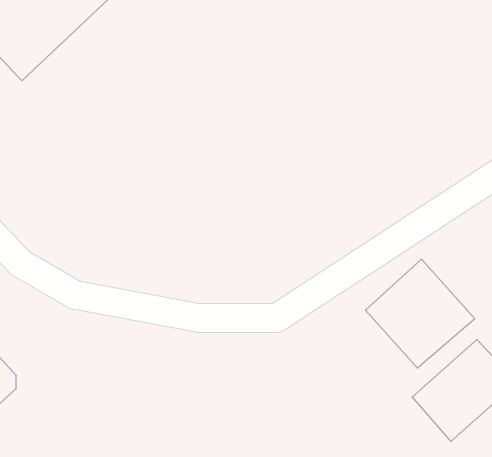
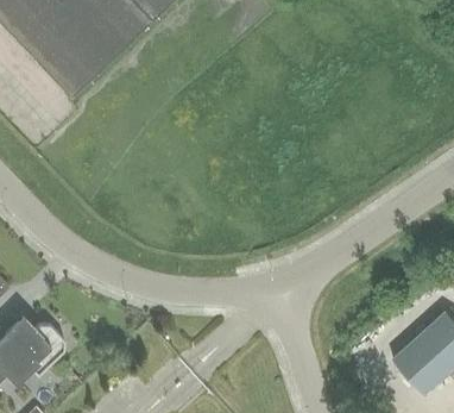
building: [365,259,475,368] -> none

